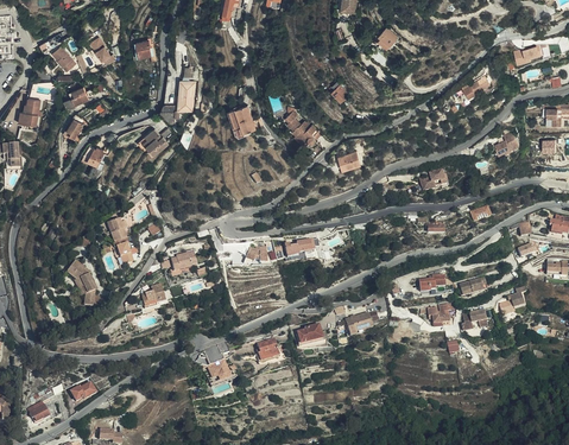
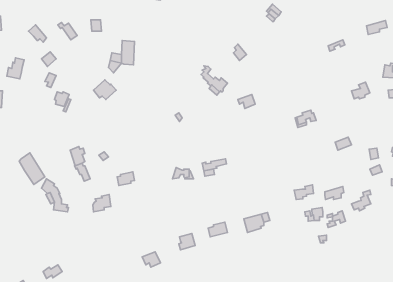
building: [232,102,257,133] -> none
building: none -> [19,153,45,184]

